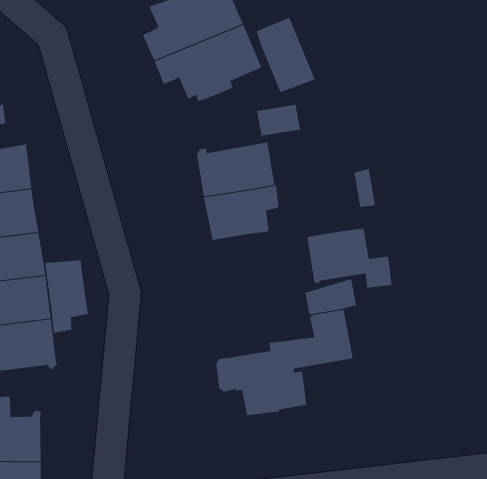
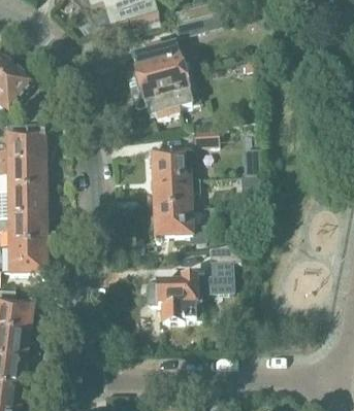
building: [256,17,316,93] -> none
building: [306,228,392,288] -> [154,205,204,243]
building: [45,259,89,333] -> none

